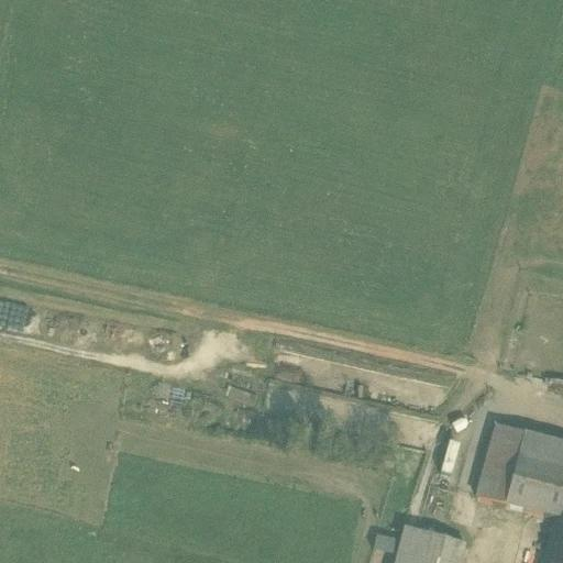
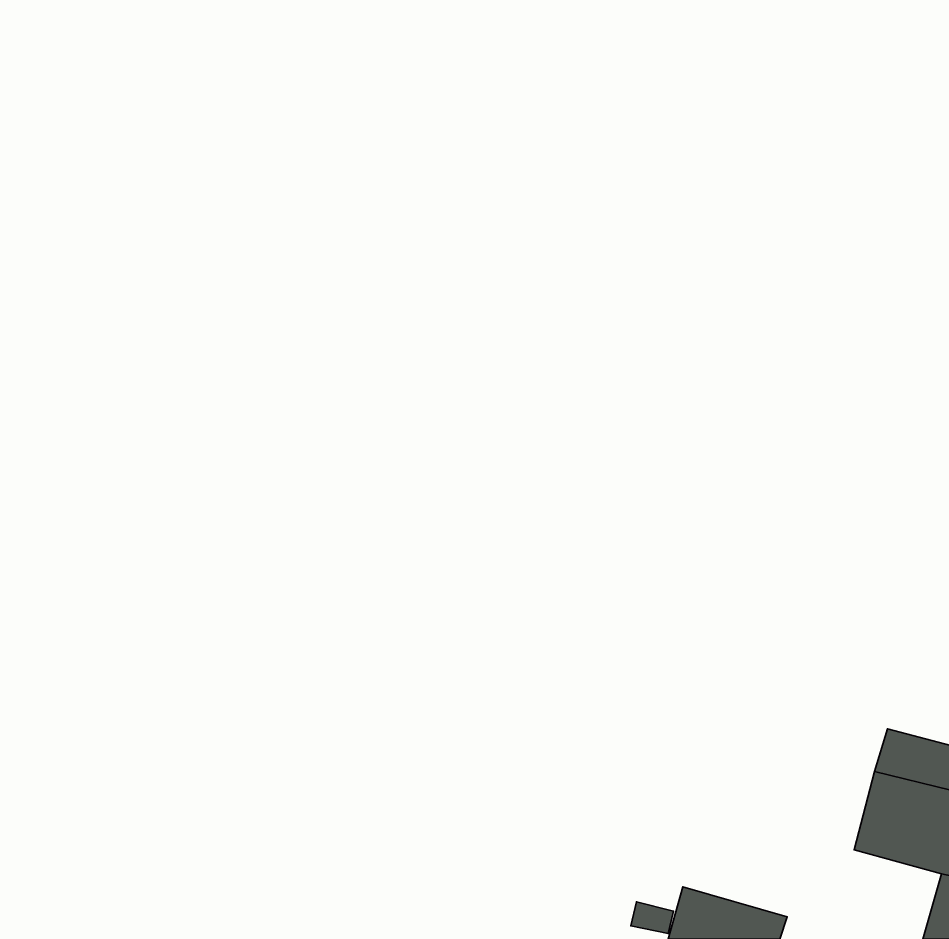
building: [477,423,526,503] -> none

